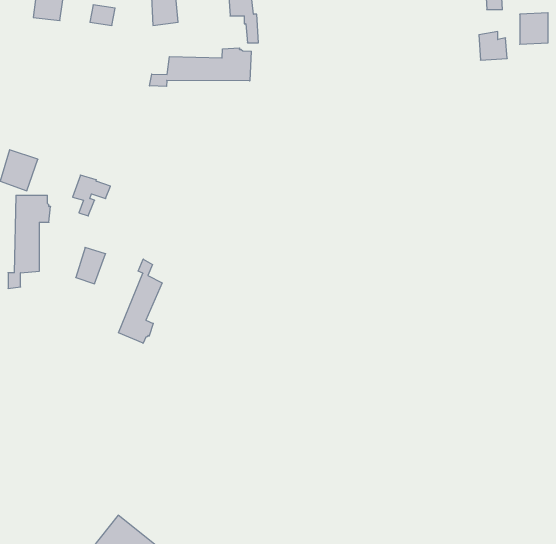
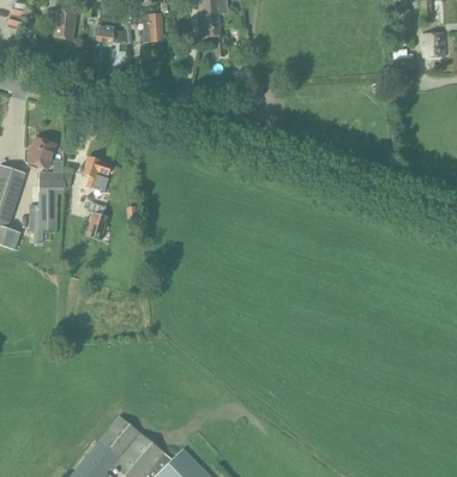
building: [150,48,251,86] -> none
building: [119,259,162,343] -> none

